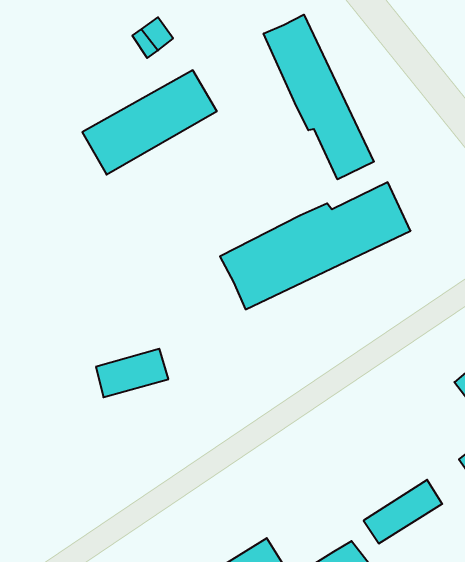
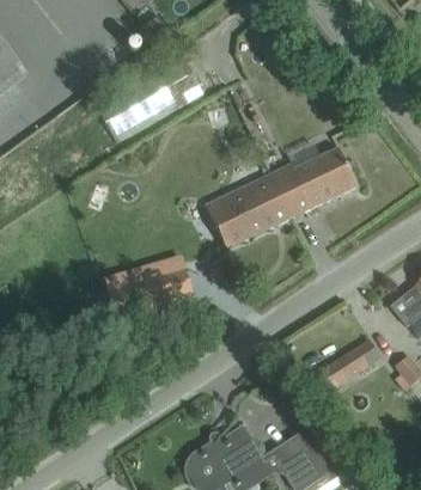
building: [264,15,374,179] -> none
building: [364,480,442,543] -> [318,338,380,388]

